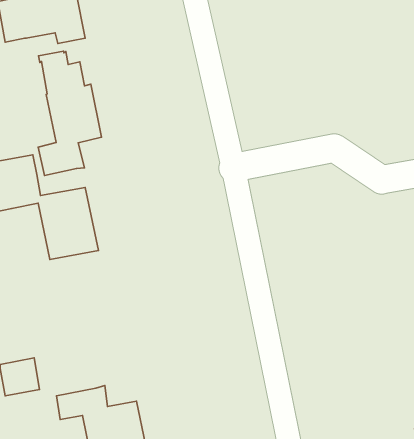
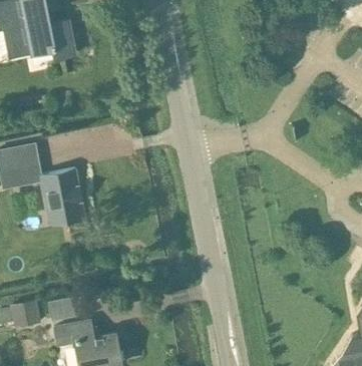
building: [38,51,101,176] -> none
building: none -> [50,295,85,321]

